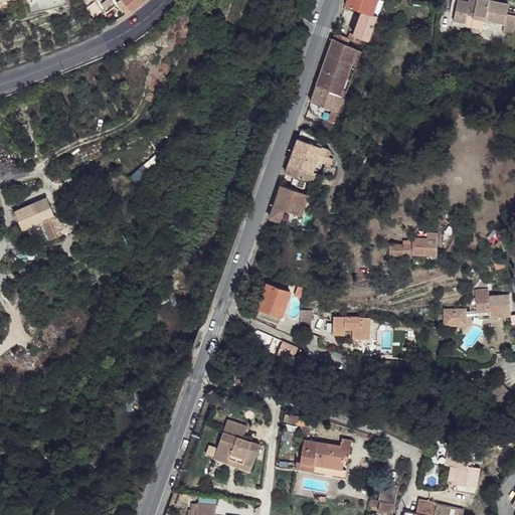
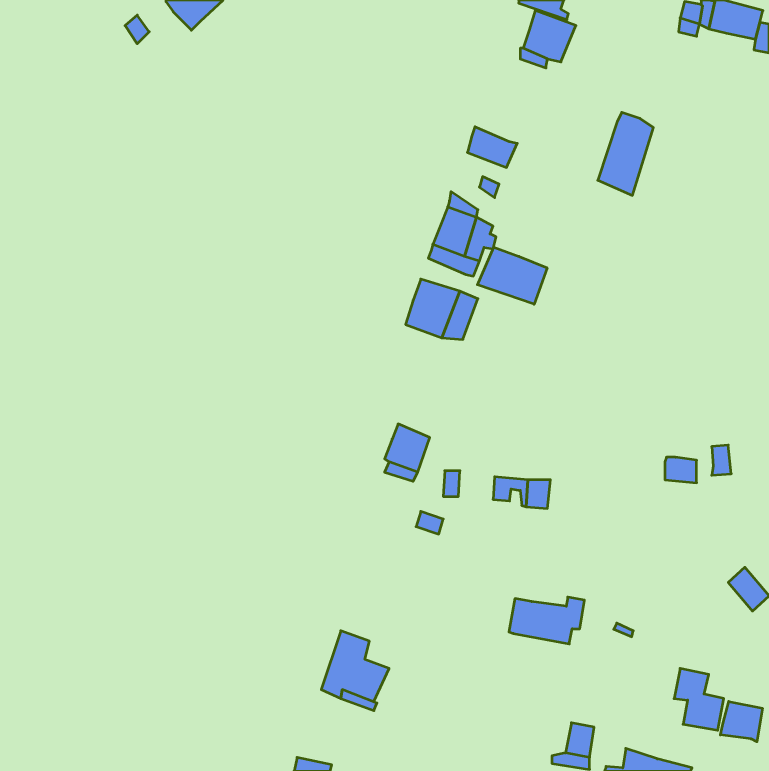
building: [317,39,354,95] -> [598,112,653,195]
building: none -> [477,247,547,304]
building: [13,195,61,239] -> none
building: [388,230,435,252] -> none
building: [486,296,509,316] -> none
building: [301,438,351,469] -> [509,597,584,644]
building: none -> [720,701,762,742]

